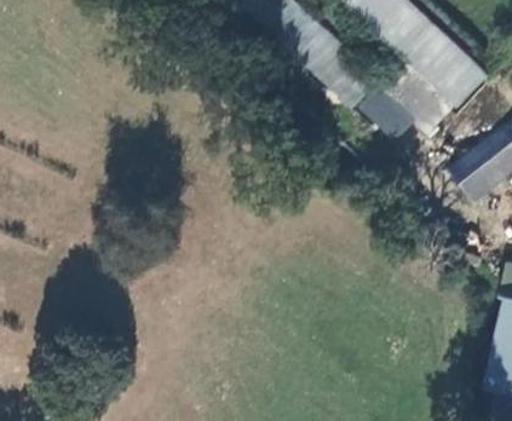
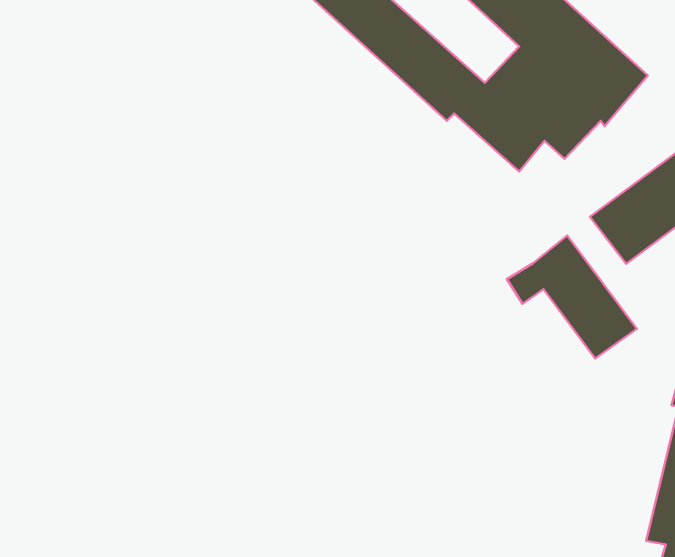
building: none -> [507,236,637,359]

